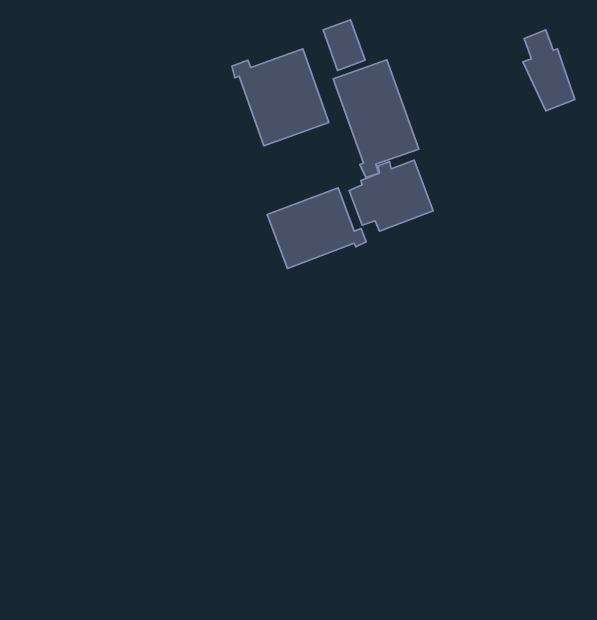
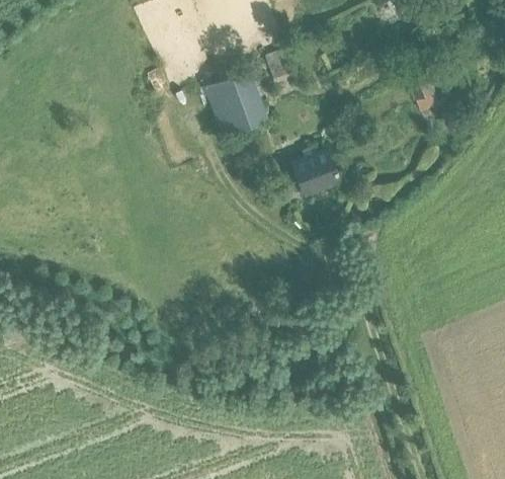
building: [333,60,419,178] -> none
building: [267,188,366,268] -> none

